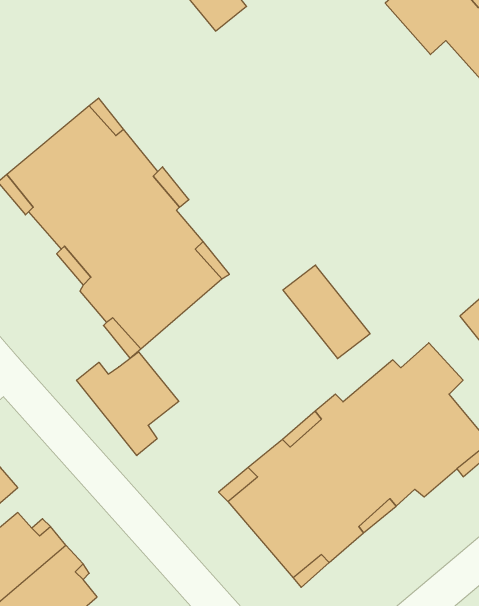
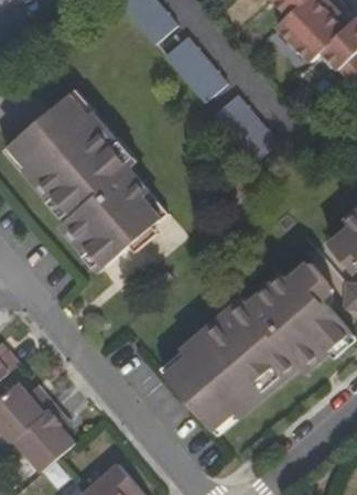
building: none -> [166,36,227,100]
building: [283,265,370,359] -> [214,95,275,161]
building: [77,352,179,456] -> none

